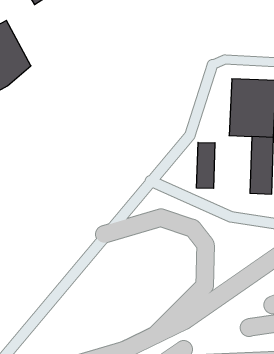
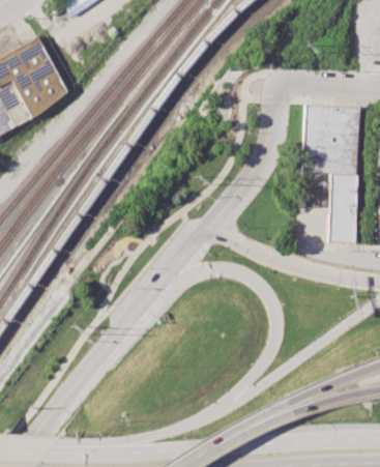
building: [197,142,215,188] -> none

